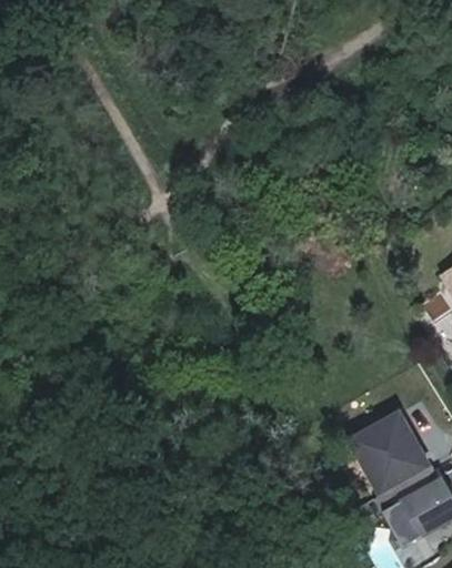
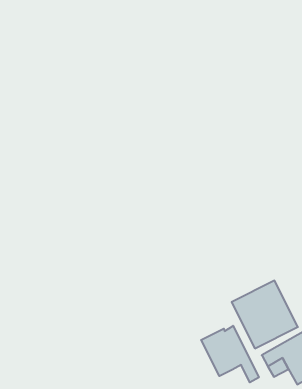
building: none -> [201,326,259,382]

